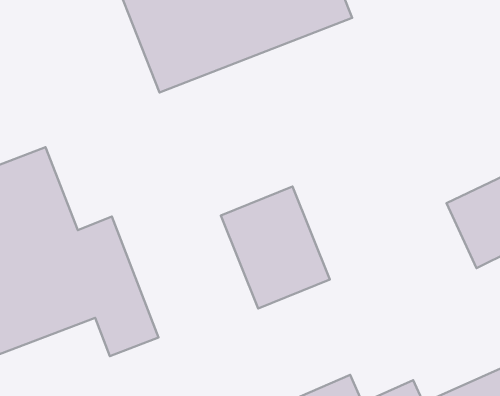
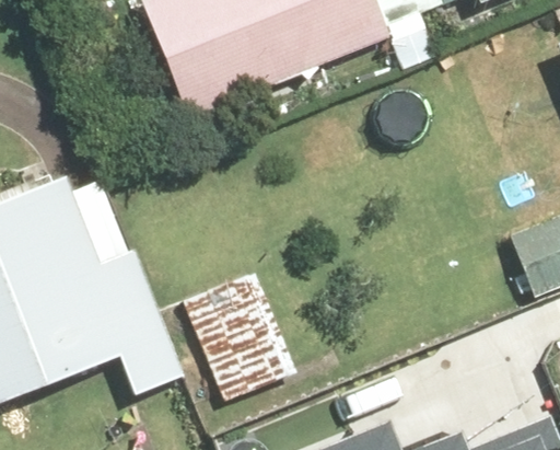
building: [221,187,330,309] -> [175,274,290,403]

